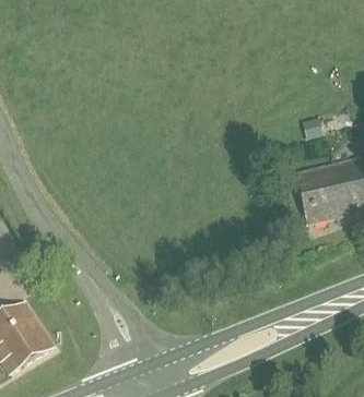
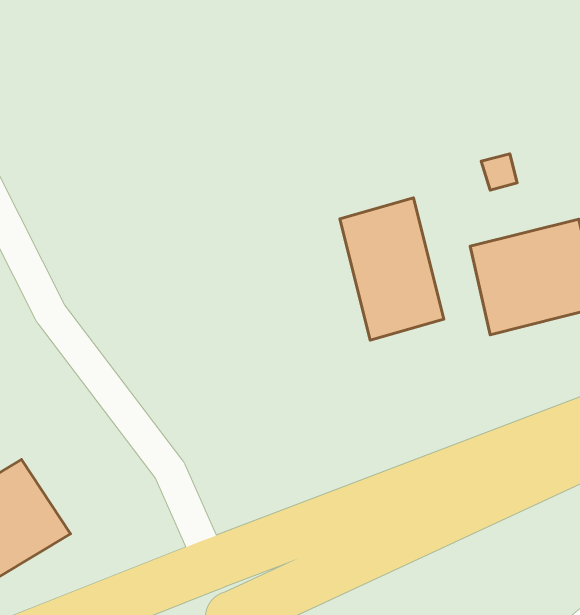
building: none -> [340,198,444,340]

